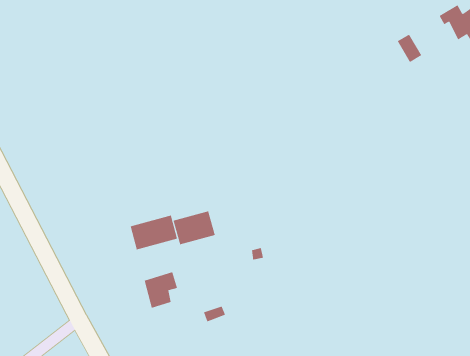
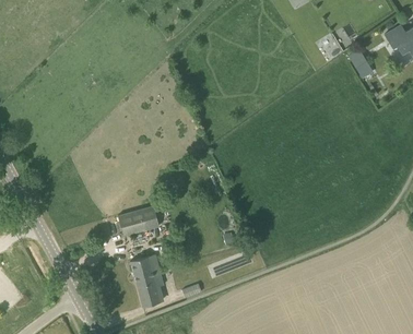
building: [173,211,215,245] -> none
building: none -> [137,270,164,308]

